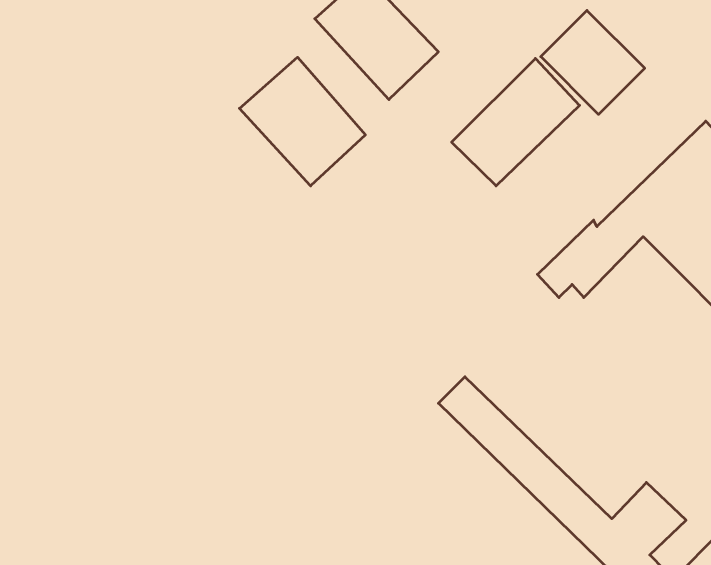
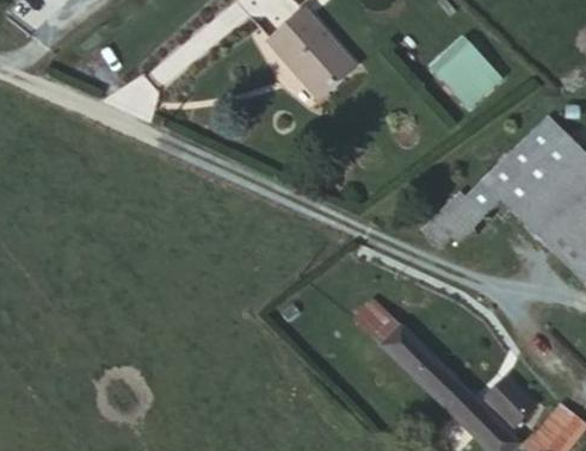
building: [239,57,365,186] -> none
building: [452,58,580,186] -> none

